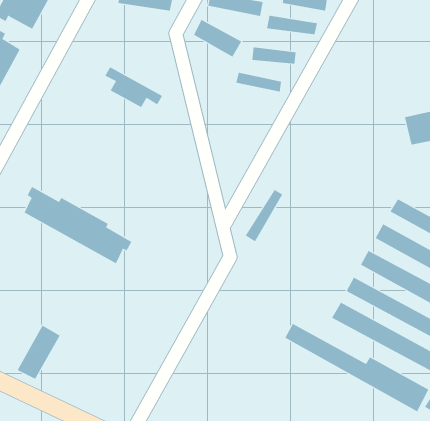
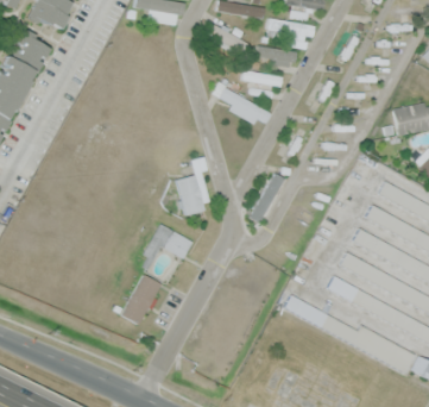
building: [104,67,163,108] -> [219,87,271,124]
building: [24,186,132,264] -> none
building: none -> [177,176,206,215]
building: none -> [143,224,193,263]
building: [17,325,61,379] -> [121,275,160,324]

